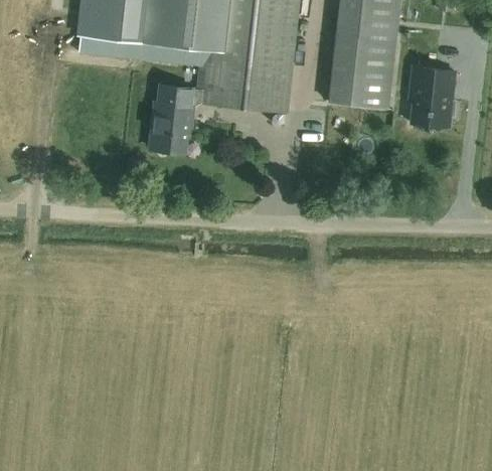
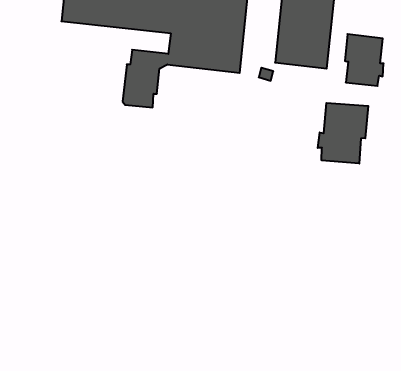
building: none -> [318,103,368,164]

